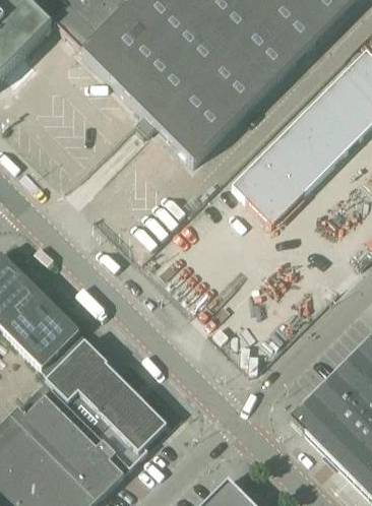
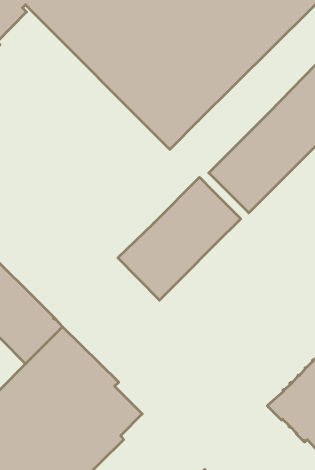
building: none -> [118,177,241,300]

